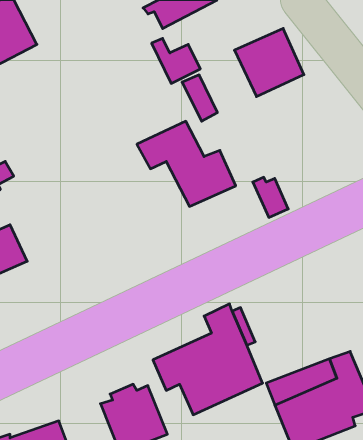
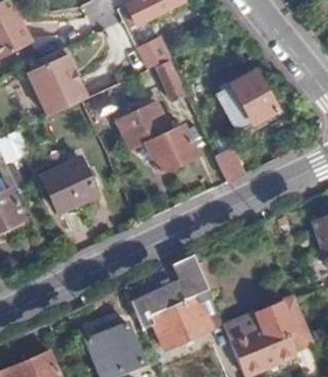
building: [234,28,304,97] -> [219,74,277,131]
building: none -> [29,48,88,115]
building: none -> [40,159,96,212]

